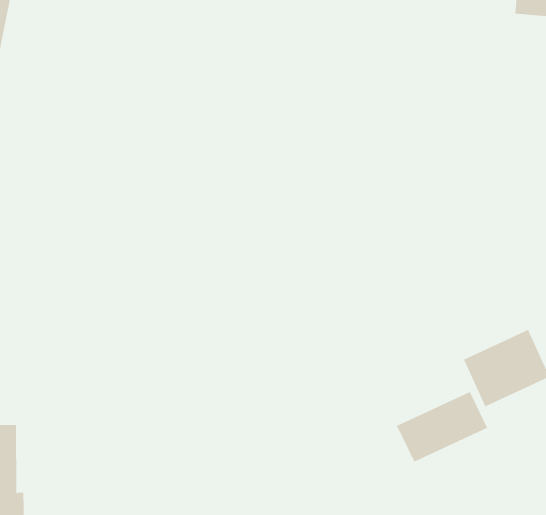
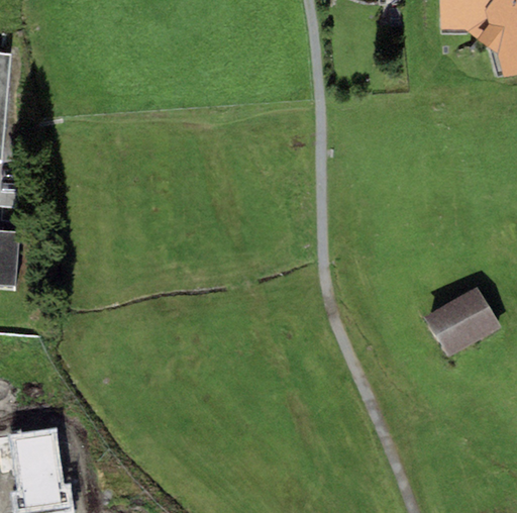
building: [396,391,488,463] -> none

